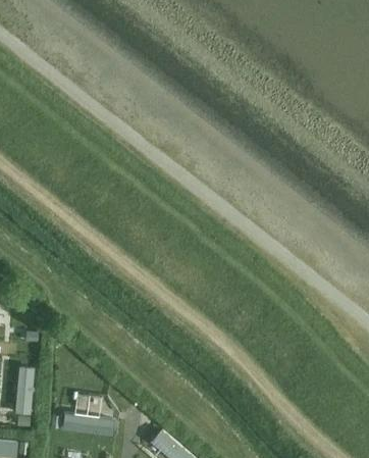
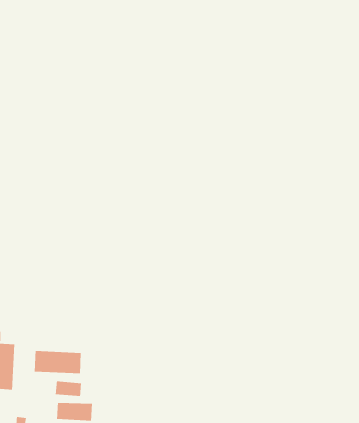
building: none -> [34,350,81,374]

